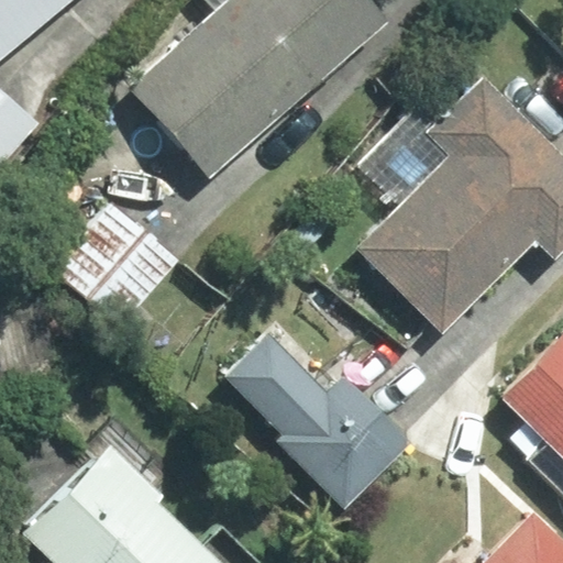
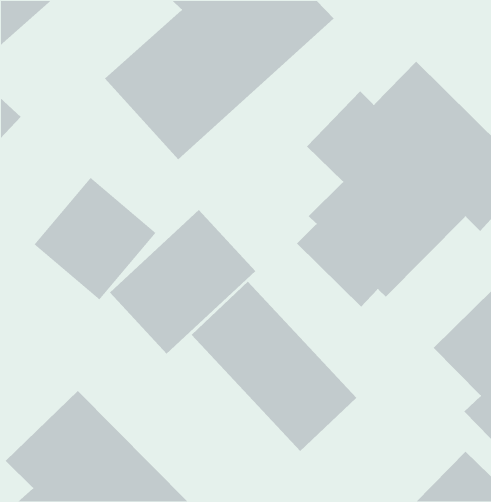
building: none -> [109,209,256,355]

